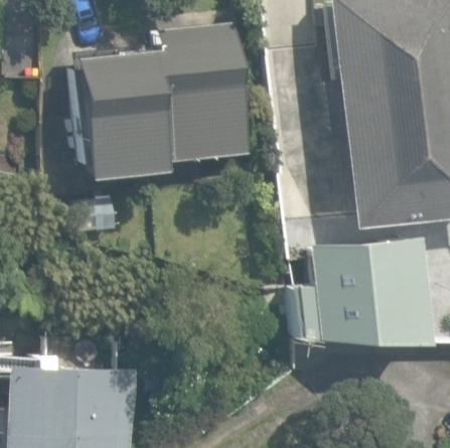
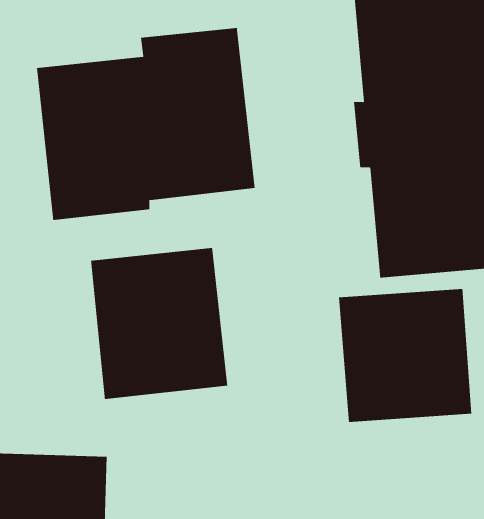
building: none -> [90,247,228,400]

